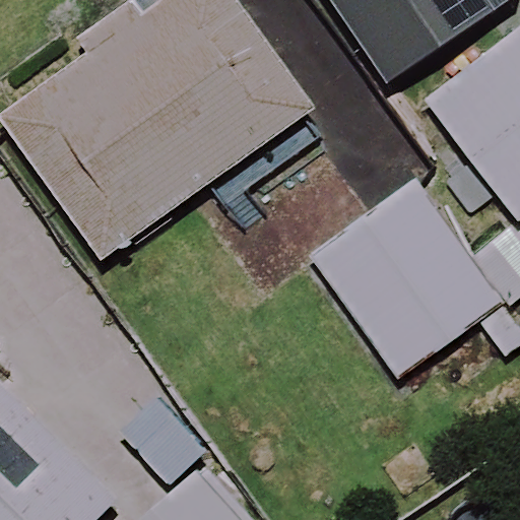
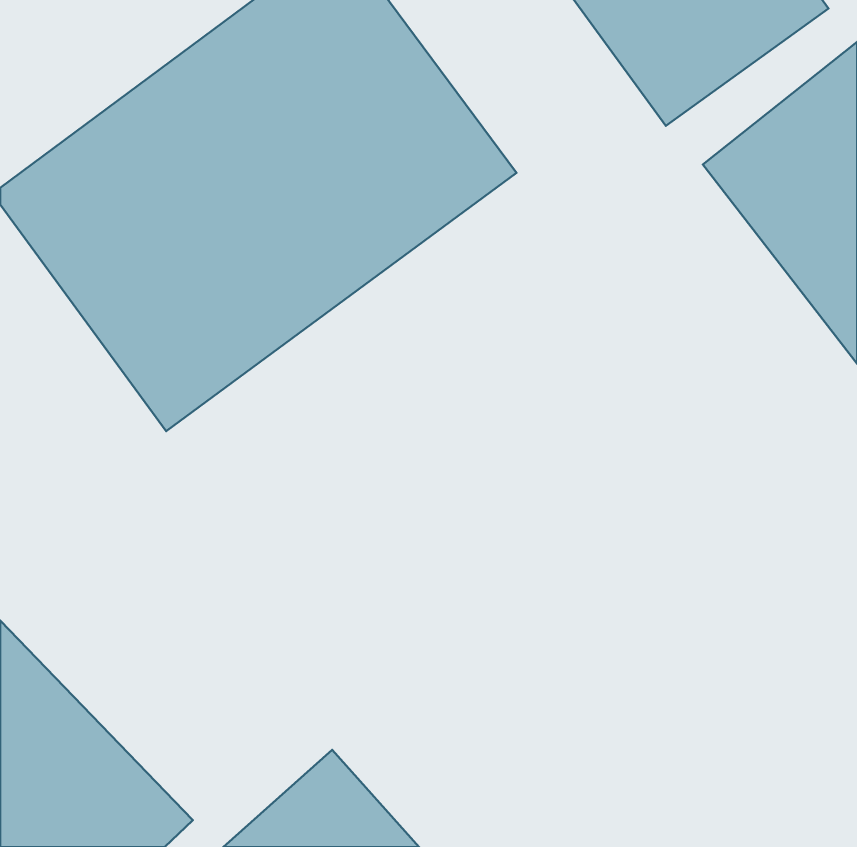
building: [309,183,498,376] -> none

